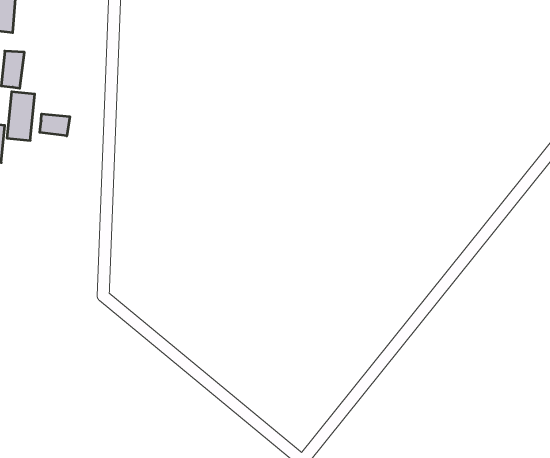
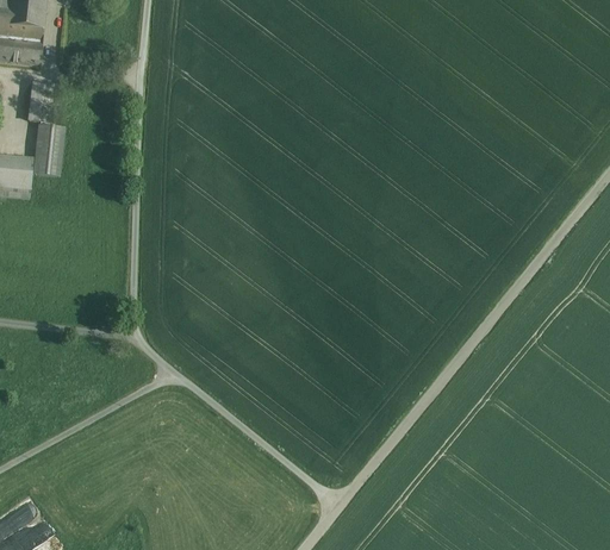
building: [40,114,70,136] -> none

